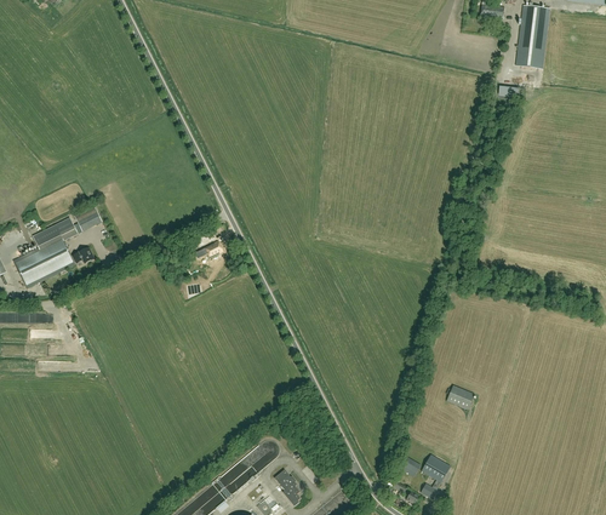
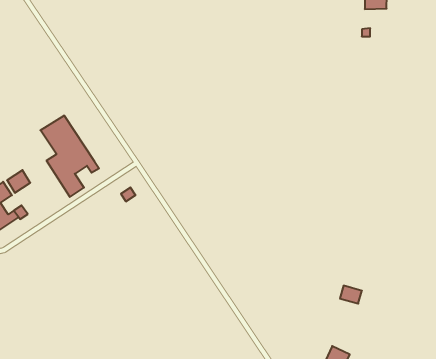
building: none -> [40,115,99,197]

